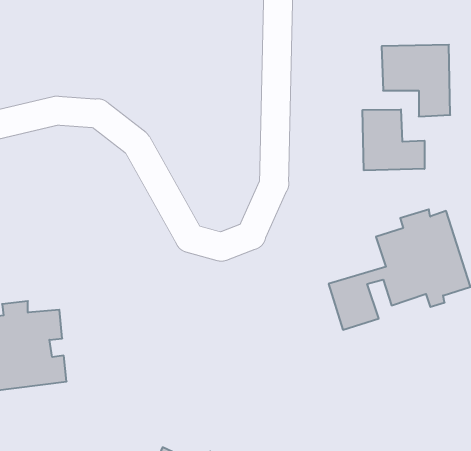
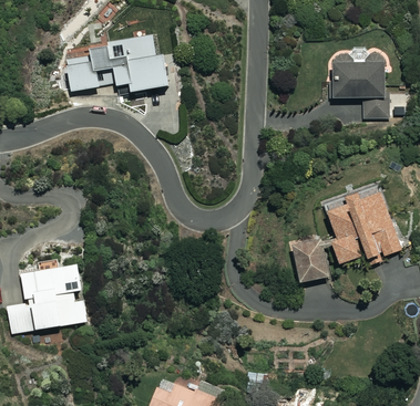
building: none -> [66,34,168,92]
building: [363,109,424,170] -> none

